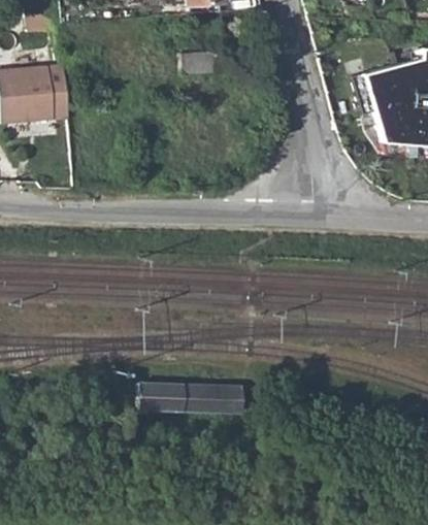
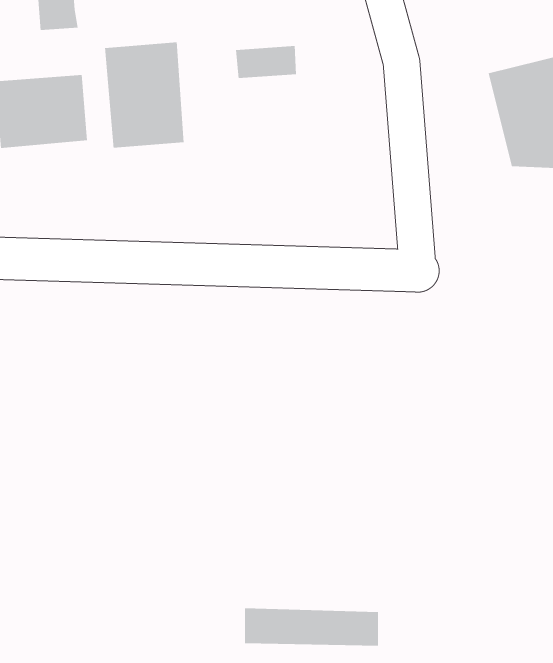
building: none -> [105,42,184,148]
building: [135,382,236,411] -> [244,608,379,646]

